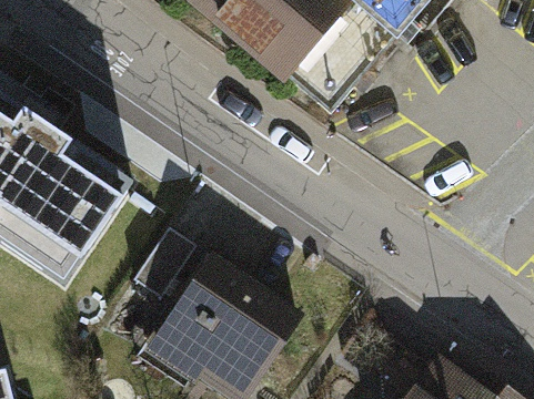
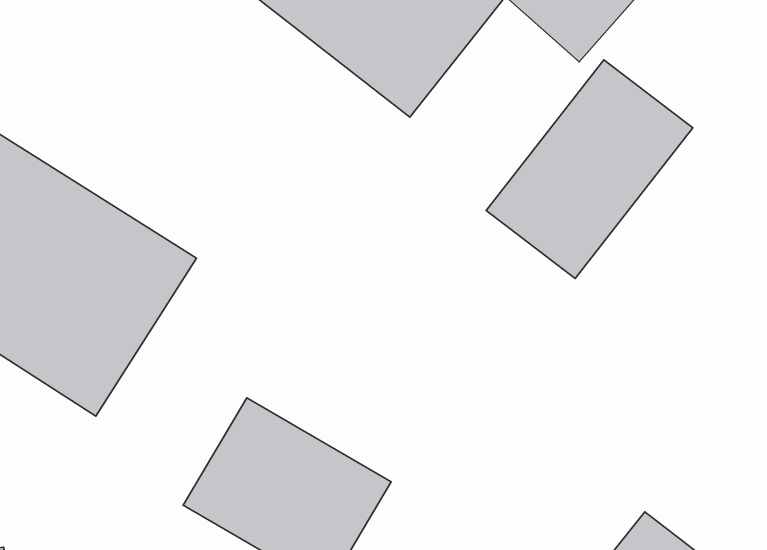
building: none -> [486,60,693,279]

